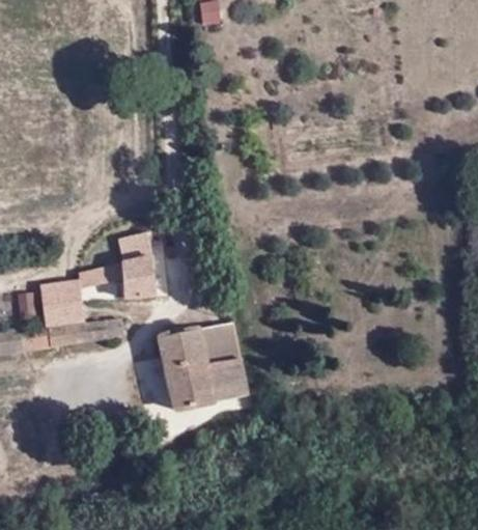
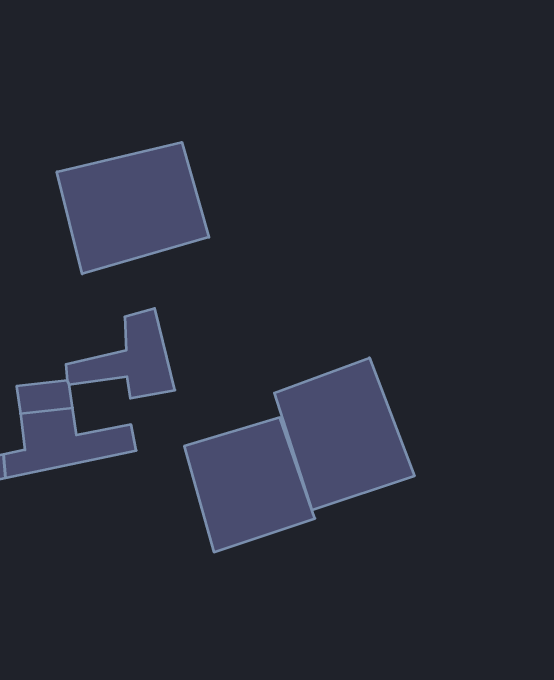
building: none -> [57,142,209,274]
building: none -> [274,358,414,510]

